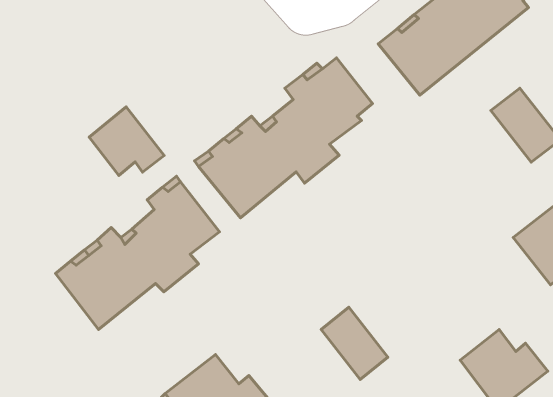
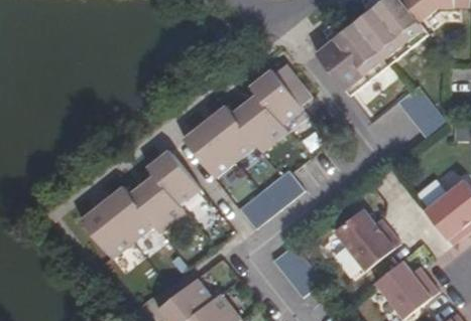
building: [89,107,164,175] -> none
building: none -> [238,171,303,229]
building: none -> [335,208,400,270]

